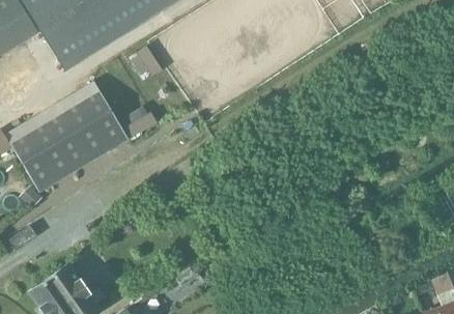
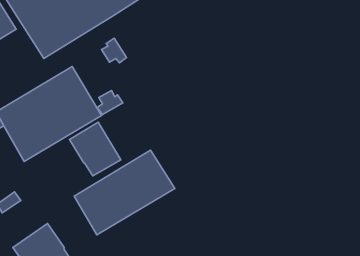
building: none -> [70,122,121,176]
building: none -> [74,150,175,235]

